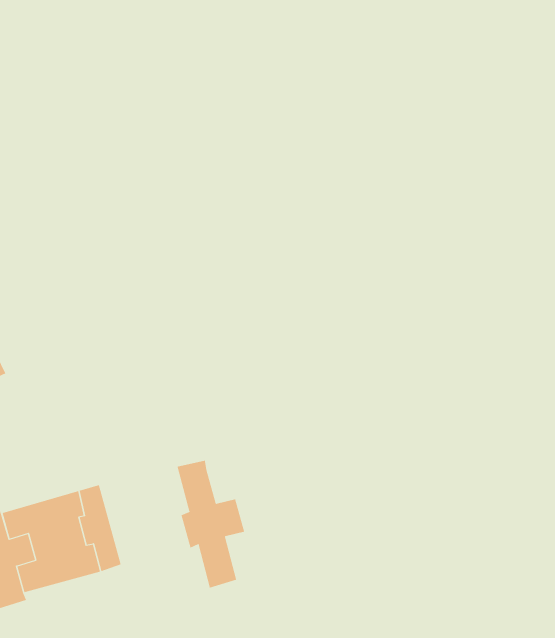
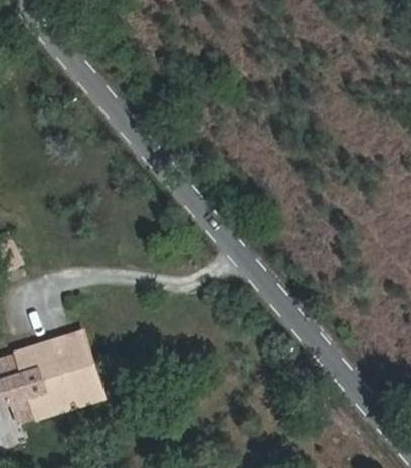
building: [177,460,245,588] -> none

